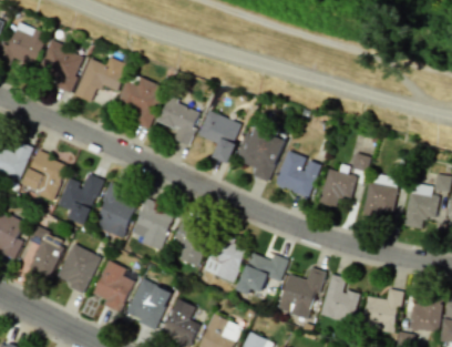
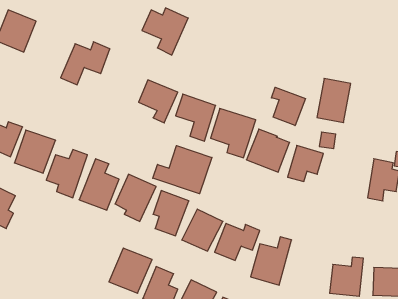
building: [35,41,84,90] -> none
building: [115,78,165,129] -> [142,8,188,55]
building: none -> [271,87,306,126]
building: none -> [153,146,212,194]
building: [362,173,399,221] -> [317,78,351,123]
building: [20,227,65,276] -> none
building: [56,244,101,293] -> none
building: [93,261,134,314] -> none
building: [320,274,359,324] -> none

